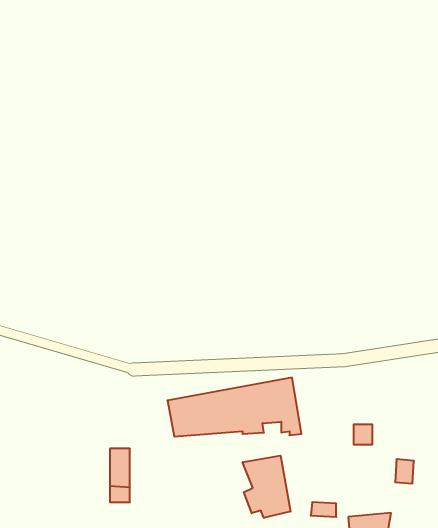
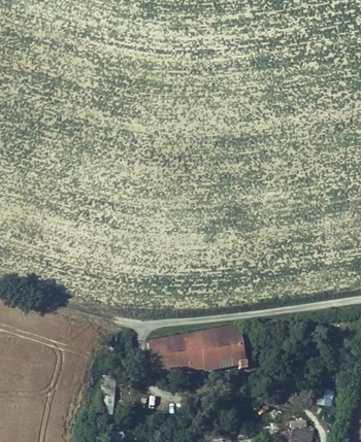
building: [243,456,291,518] -> none

